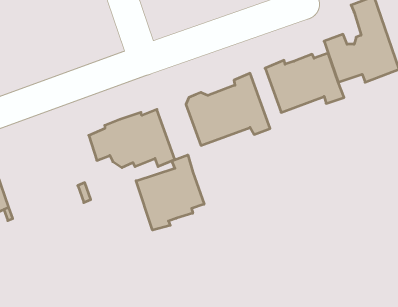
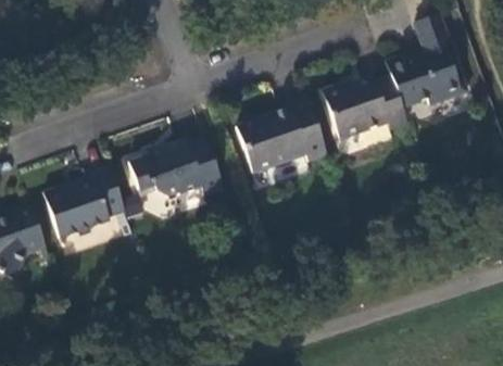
building: none -> [45,165,125,237]
building: [136,155,204,230] -> none

